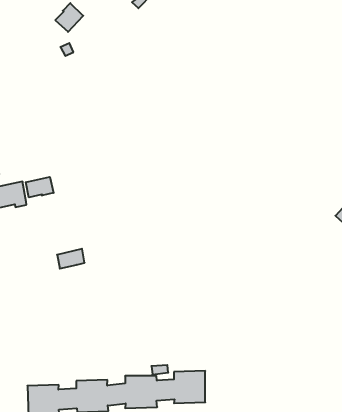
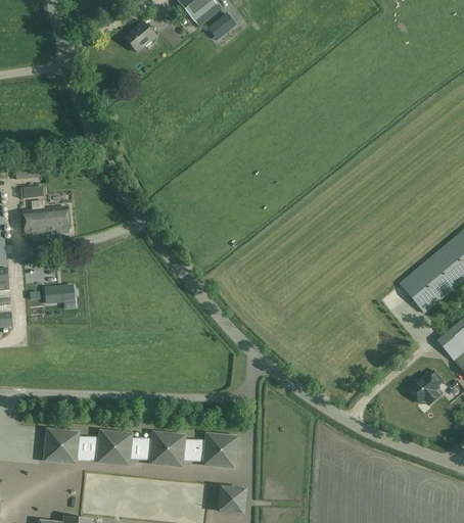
building: [26,177,54,197] -> none
building: [57,249,85,269] -> [45,285,74,303]

